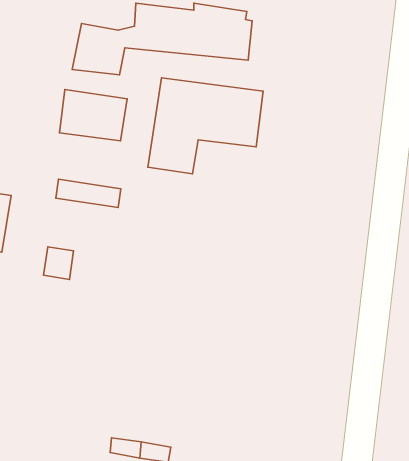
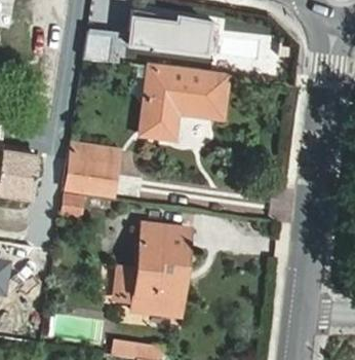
building: [59,89,127,141] -> [66,158,117,197]
building: none -> [115,224,189,316]

